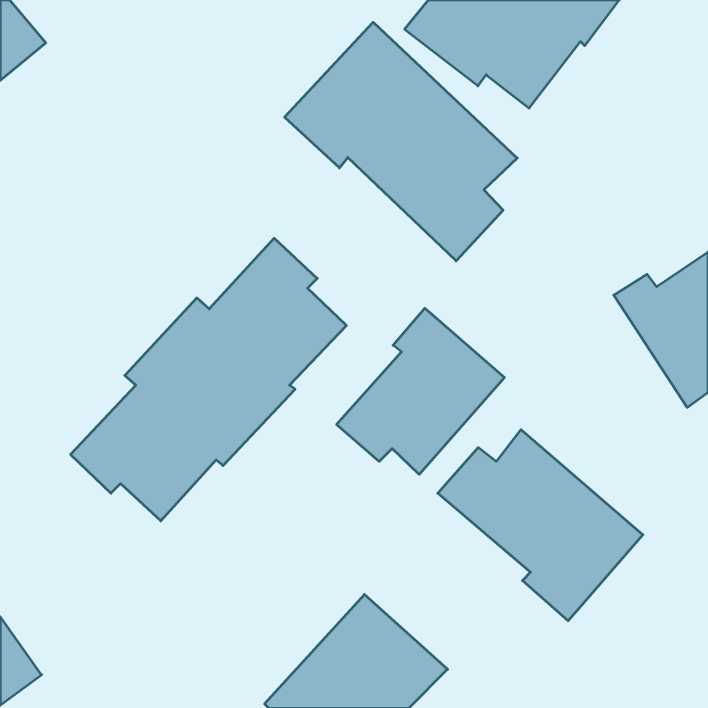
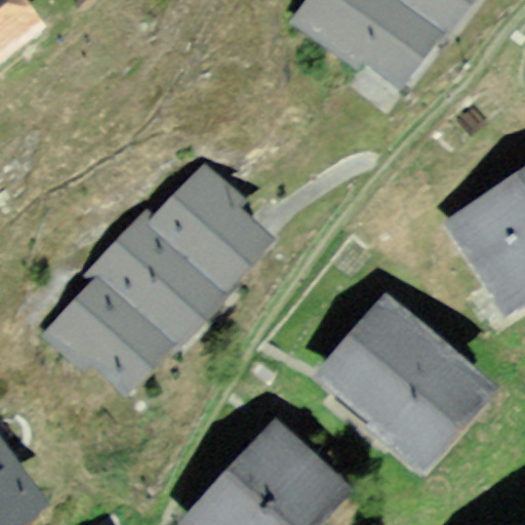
building: [285,22,517,261] -> none
building: [337,308,504,474] -> none

